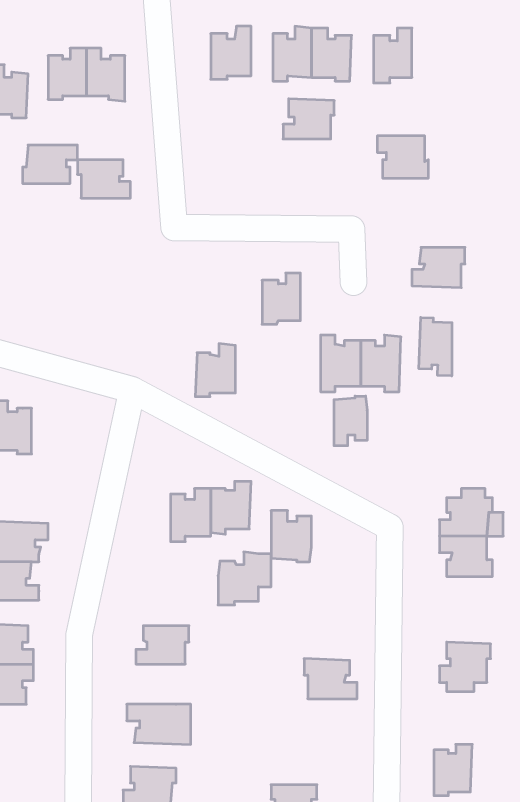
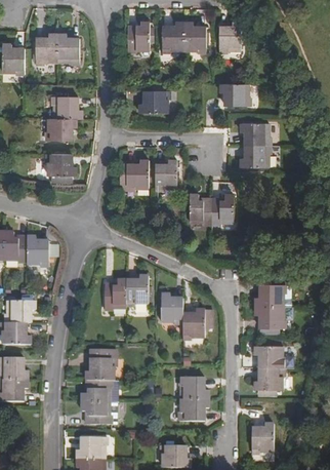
building: [283,99,334,139] -> [139,89,168,112]
building: [23,145,77,183] -> [50,117,81,139]
building: none -> [239,123,269,145]
building: none -> [45,153,74,174]
building: [419,317,452,376] -> none
building: [195,344,235,397] -> [126,158,149,188]
building: [334,396,367,446] -> none
building: none -> [26,235,48,266]
building: [218,552,271,605] -> [181,308,211,338]
building: none -> [254,344,284,367]
building: none -> [79,379,116,401]
building: none -> [178,398,208,421]

